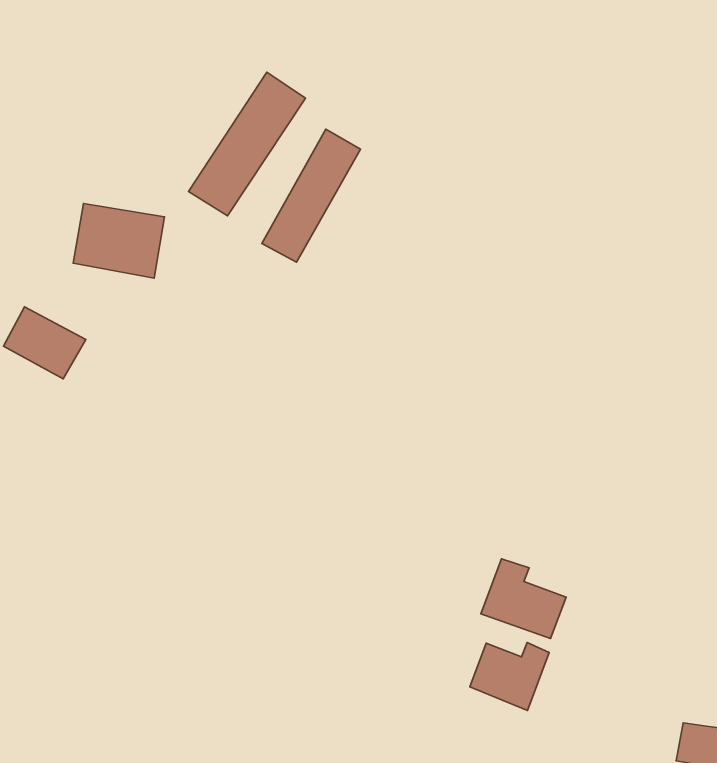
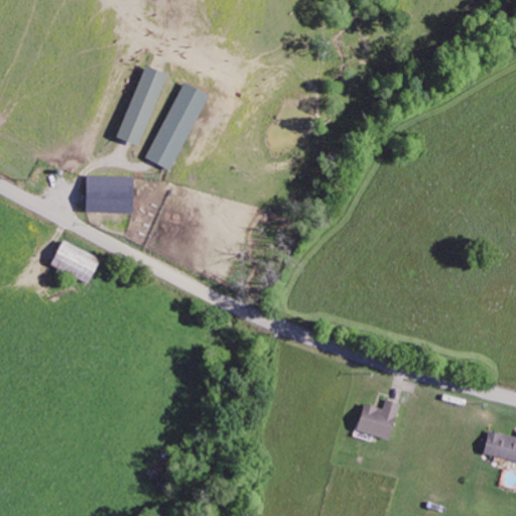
building: [262,129,360,262] -> [115,64,165,146]
building: [481,559,566,638] -> none

